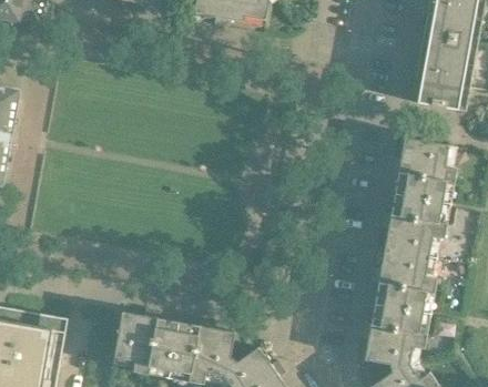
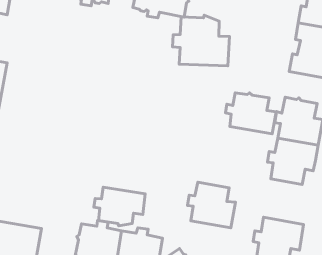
building: none -> [172,15,230,66]
building: none -> [225,93,276,134]
building: [369,251,436,314] -> [188,182,236,228]
building: none -> [94,187,145,226]

